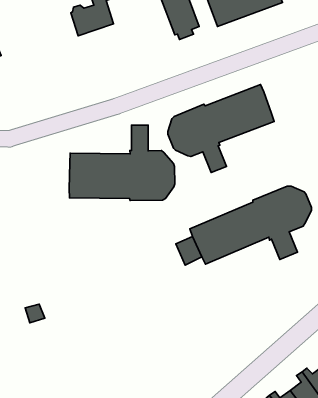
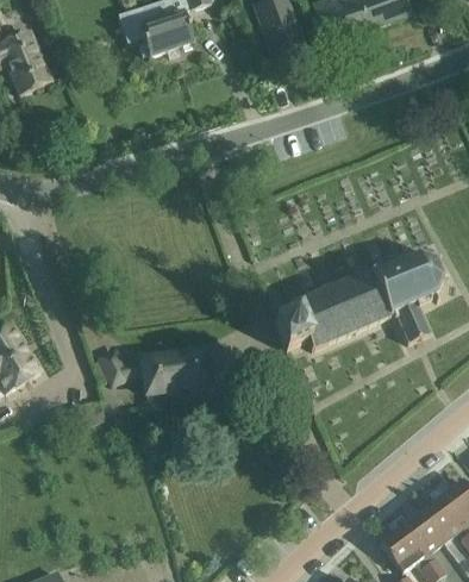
building: [168,85,274,173] -> none
building: [69,125,175,201] -> none
building: none -> [100,351,210,394]

